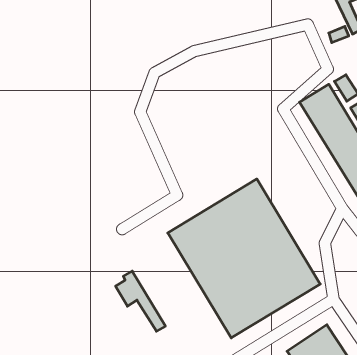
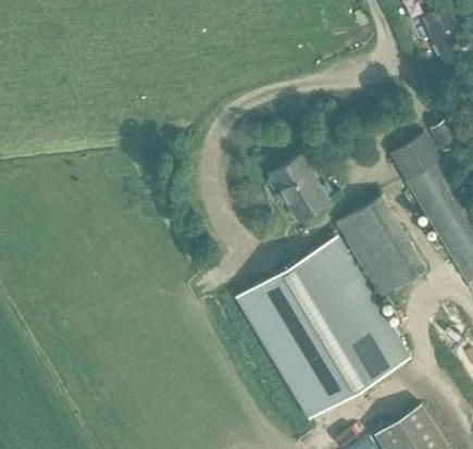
building: none -> [270,154,329,219]
building: none -> [339,195,426,294]
building: [116,271,165,331] -> none

